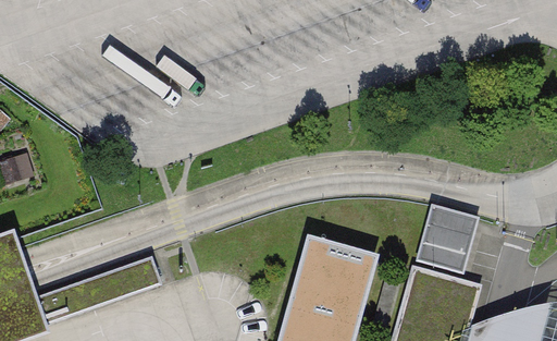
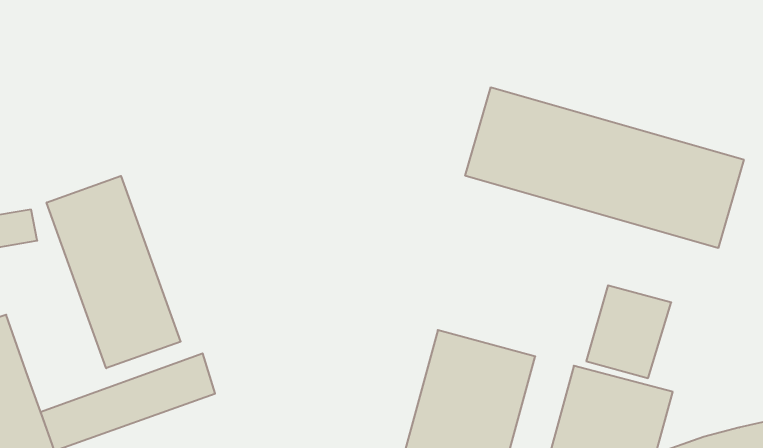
building: none -> [465,87,744,248]
building: none -> [47,176,181,368]

